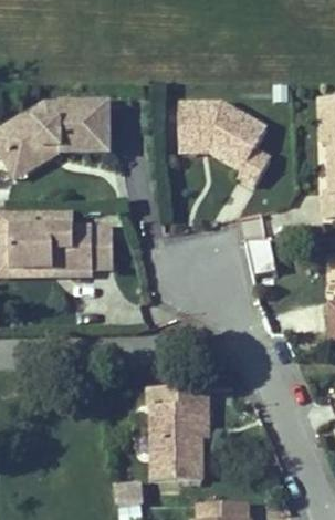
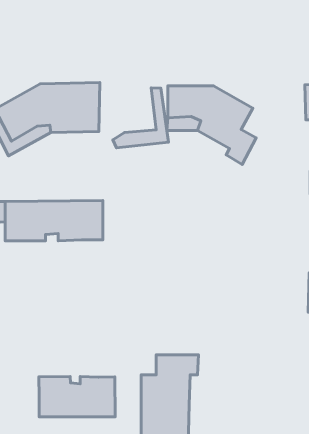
building: none -> [113,88,168,148]
building: none -> [39,376,115,417]

